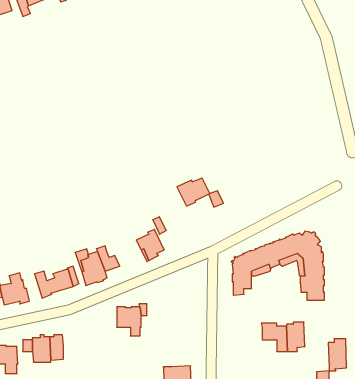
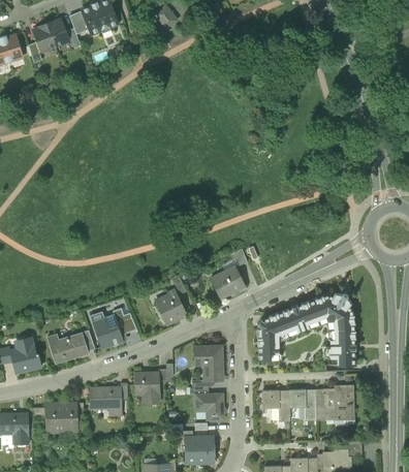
building: [177,178,210,206] -> [210,269,245,298]
building: none -> [194,347,222,380]
building: none -> [89,387,122,414]
building: none -> [261,390,289,422]
building: none -> [195,394,223,420]
building: [328,339,347,371] -> [334,385,353,419]

